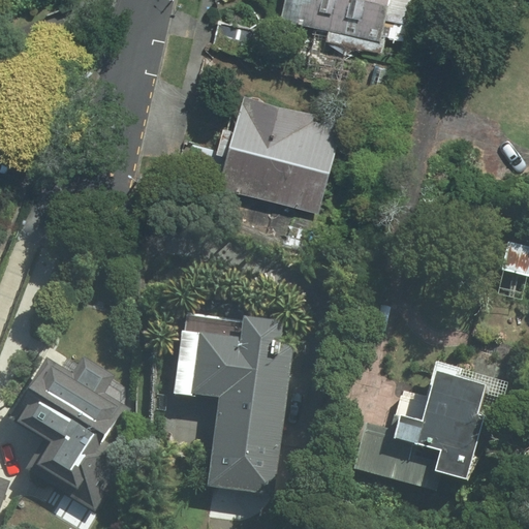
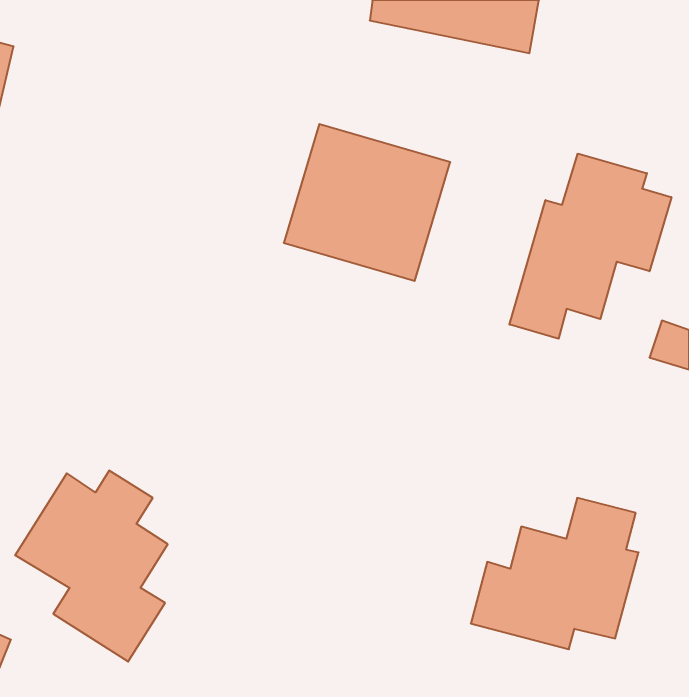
building: none -> [509,154,671,339]
building: [168,309,303,498] -> none

